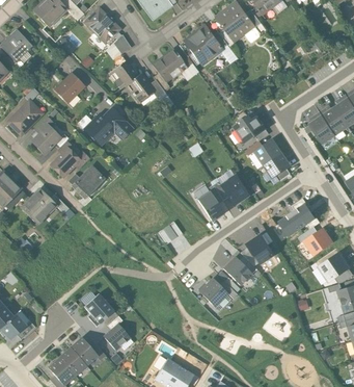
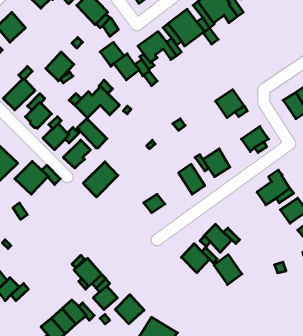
building: [254,138,282,165] -> none
building: none -> [77,119,107,148]
building: none -> [83,162,118,197]
building: [246,231,276,263] -> [214,255,242,285]
building: none -> [115,295,144,324]

